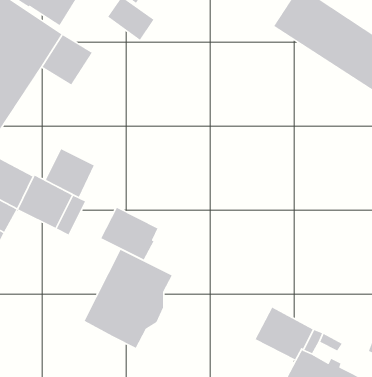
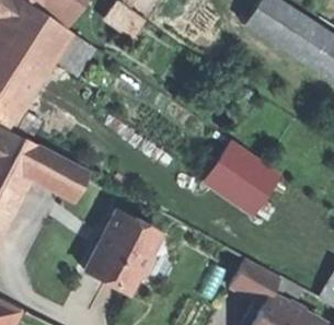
building: [45,148,95,197] -> none
building: none -> [204,142,279,214]
building: [100,207,159,261] -> none

